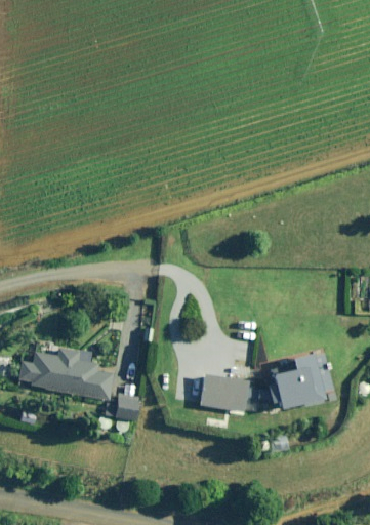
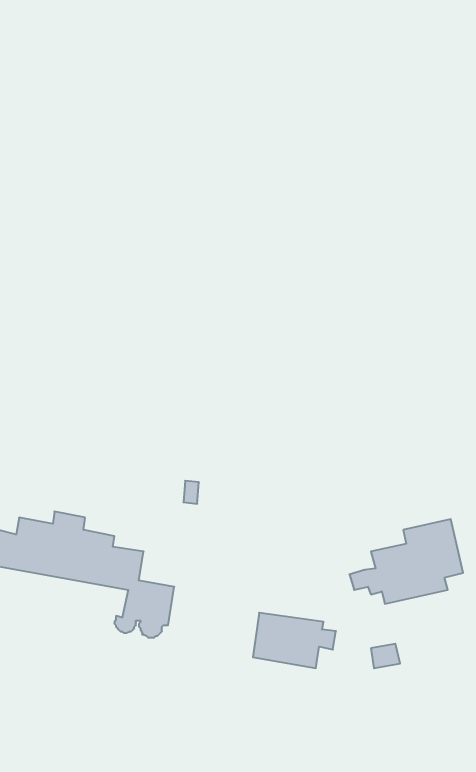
building: [201,375,256,412] -> [253,613,336,668]

